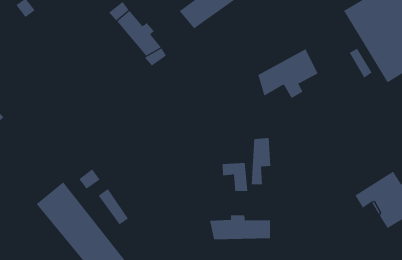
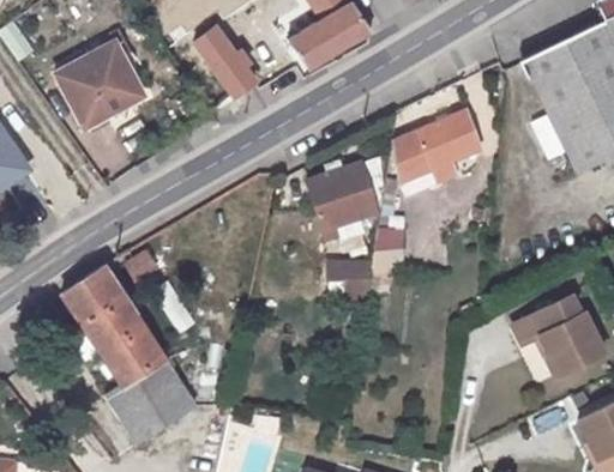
building: none -> [56,42,142,125]
building: none -> [306,157,385,238]
building: [209,215,271,242] -> none

